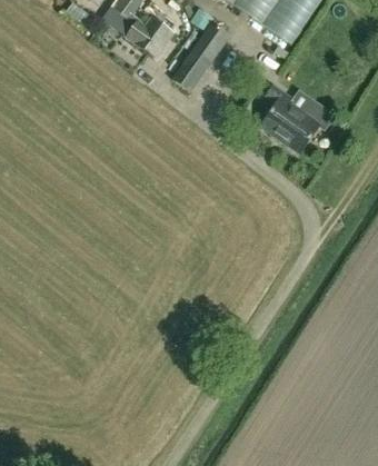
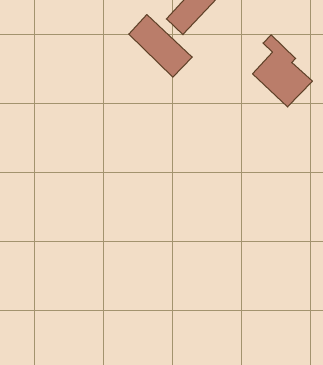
building: none -> [129,15,192,77]

